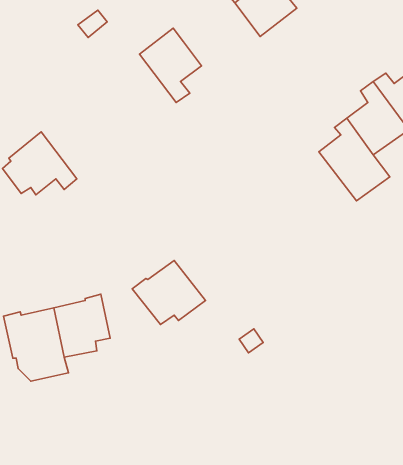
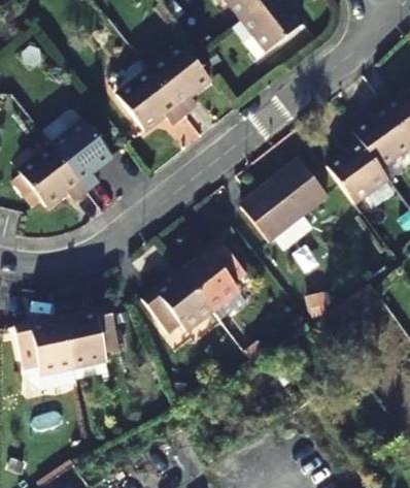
building: none -> [115,69,184,131]
building: none -> [52,121,110,192]
building: none -> [241,159,328,242]
building: none -> [182,239,247,312]

